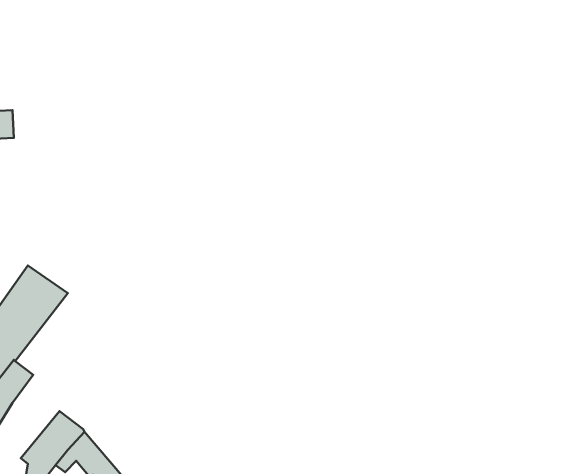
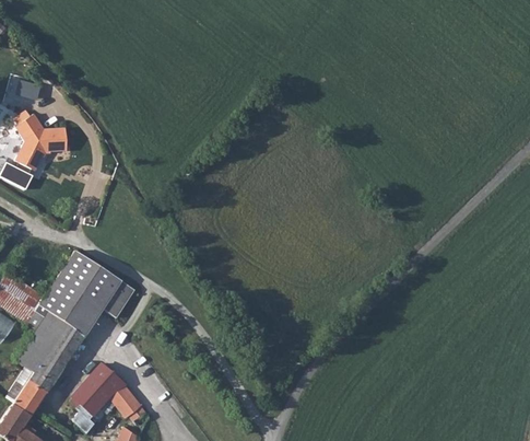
building: none -> [67,272,137,338]

